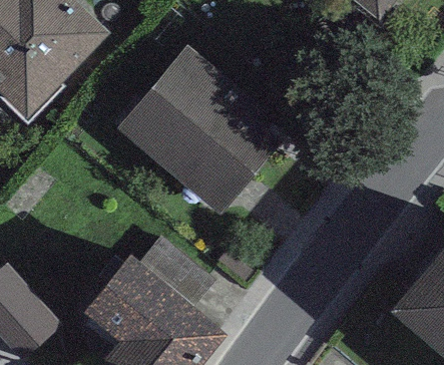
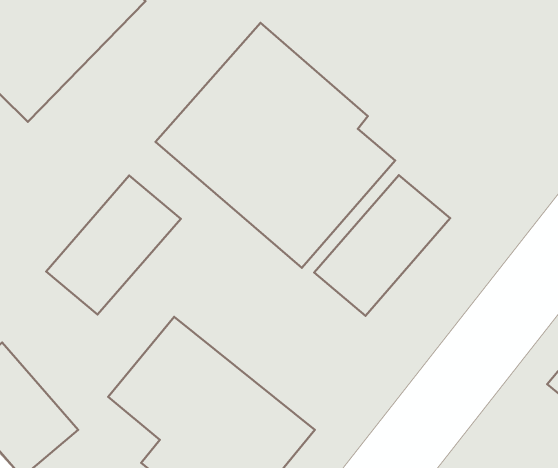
building: none -> [314,175,450,316]
building: none -> [46,176,181,315]

